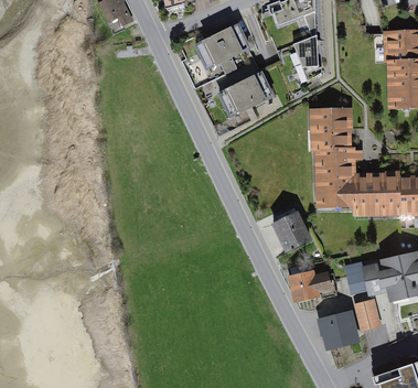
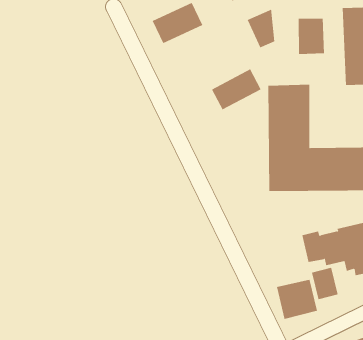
building: none -> [298,18,324,55]
building: [222,71,272,112] -> [211,69,261,110]
building: [271,208,312,250] -> none
building: [288,261,332,300] -> none

